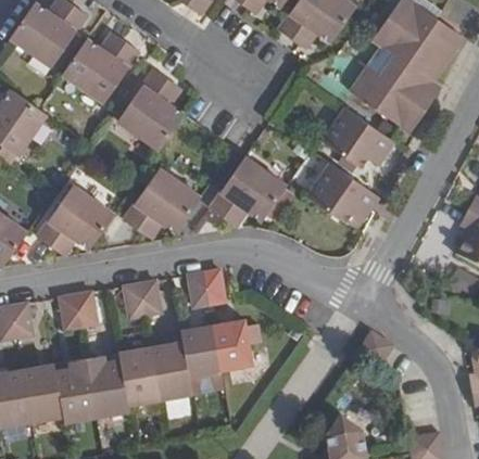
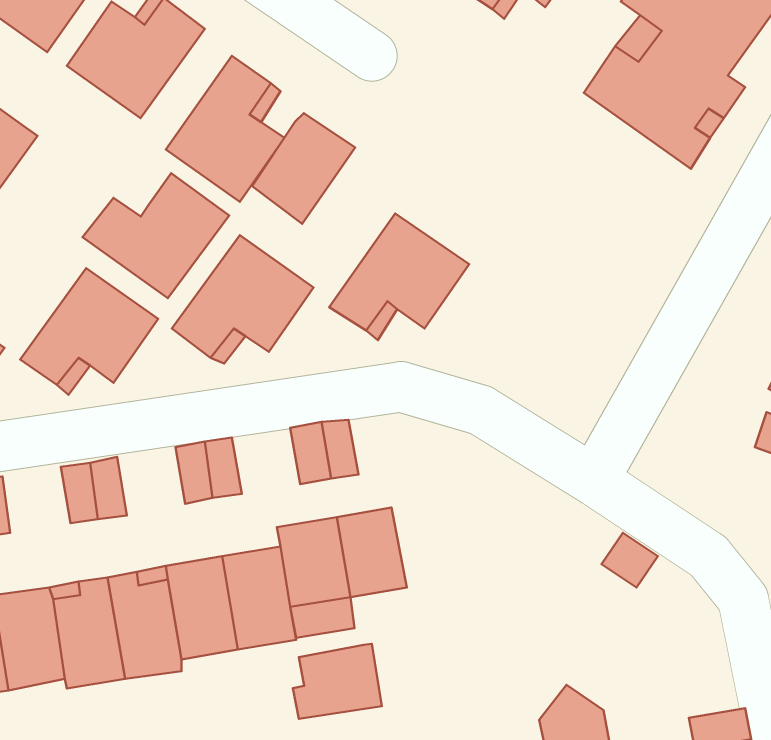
building: none -> [252,113,355,224]
building: [323,106,396,166] -> none
building: none -> [83,173,229,298]
building: [307,161,379,222] -> none
building: none -> [293,644,382,719]

